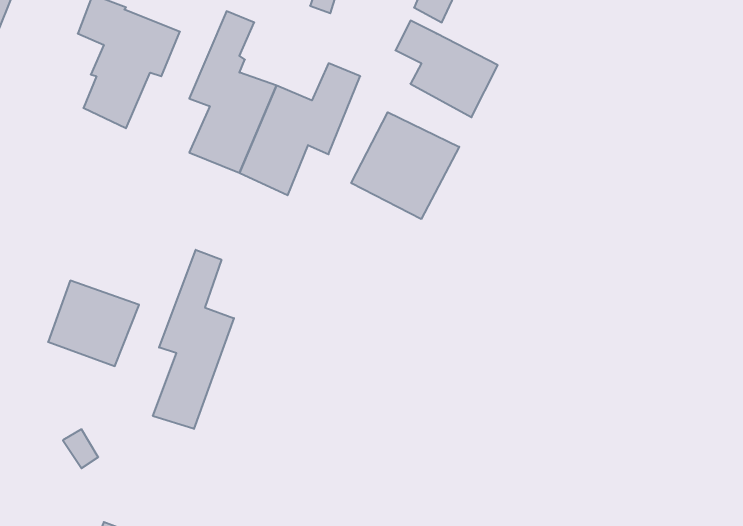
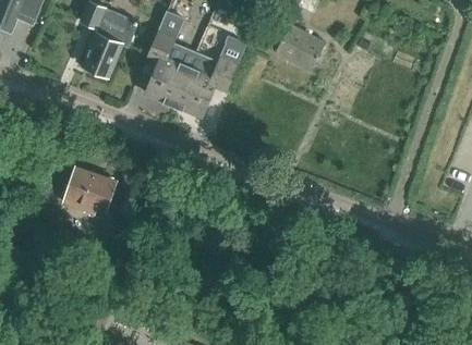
building: [351,112,459,219] -> none
building: [153,250,234,429] -> none

